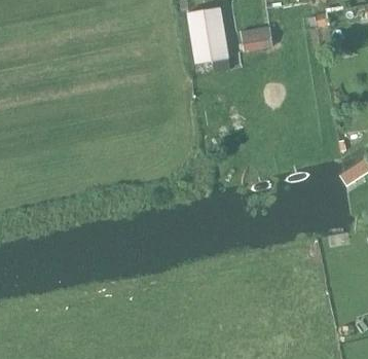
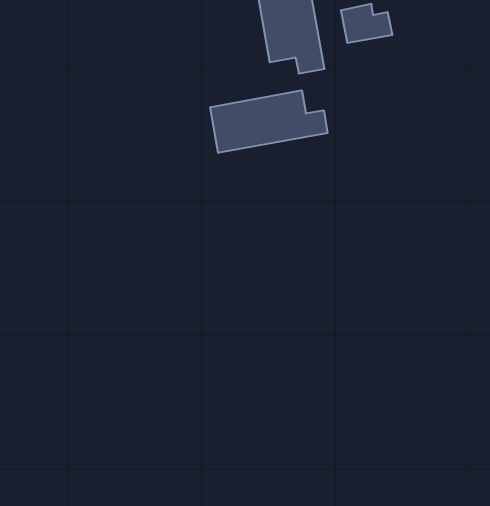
building: none -> [210,90,328,153]

